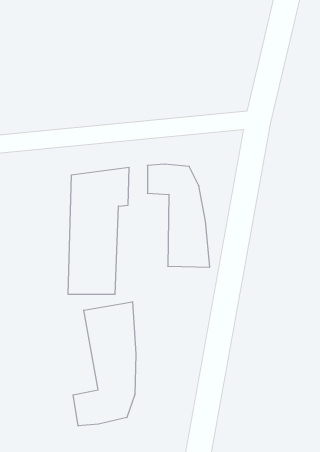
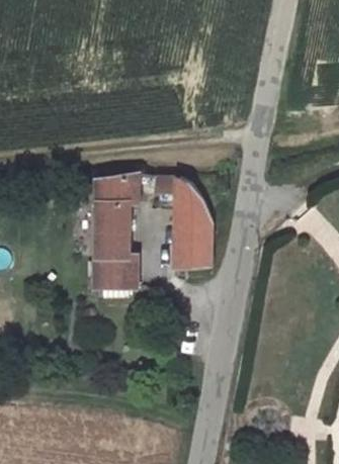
building: [73,302,136,426] -> none

